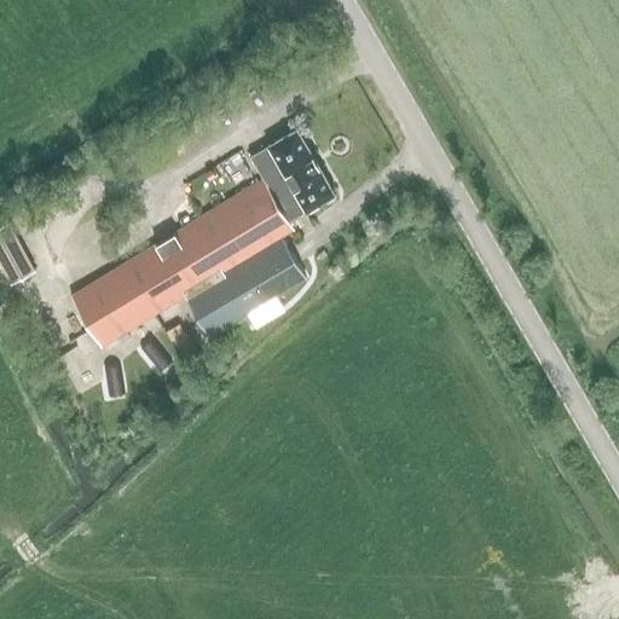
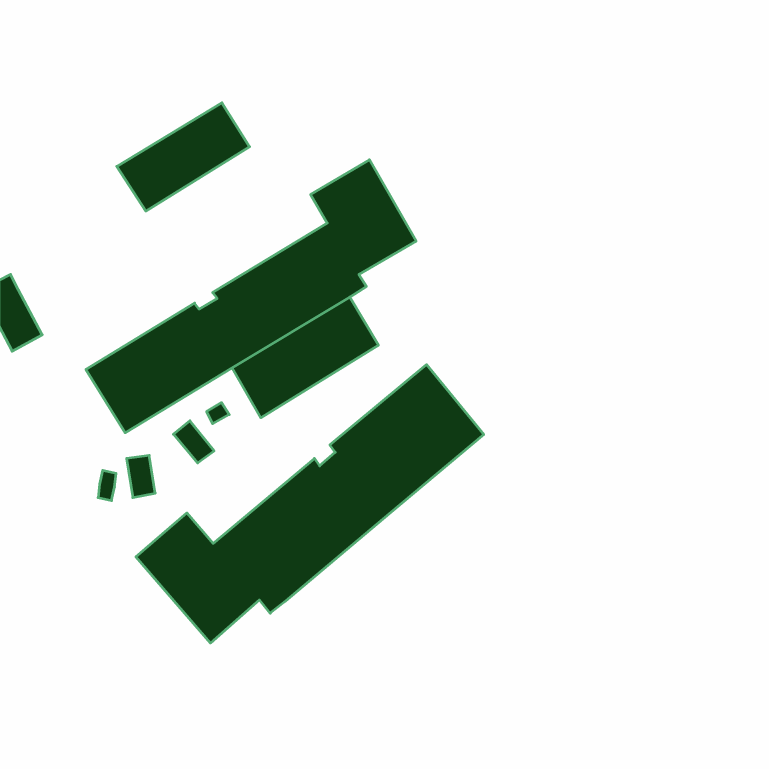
building: none -> [117,103,250,211]
building: none -> [136,365,484,643]

